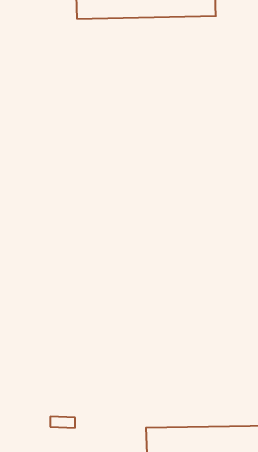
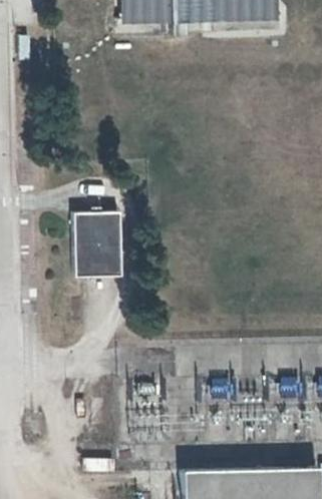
building: none -> [77,206,124,276]

